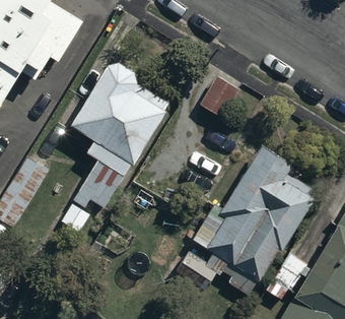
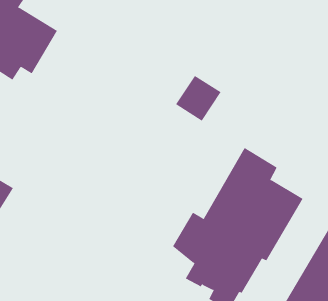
building: [67,59,166,203] -> none

